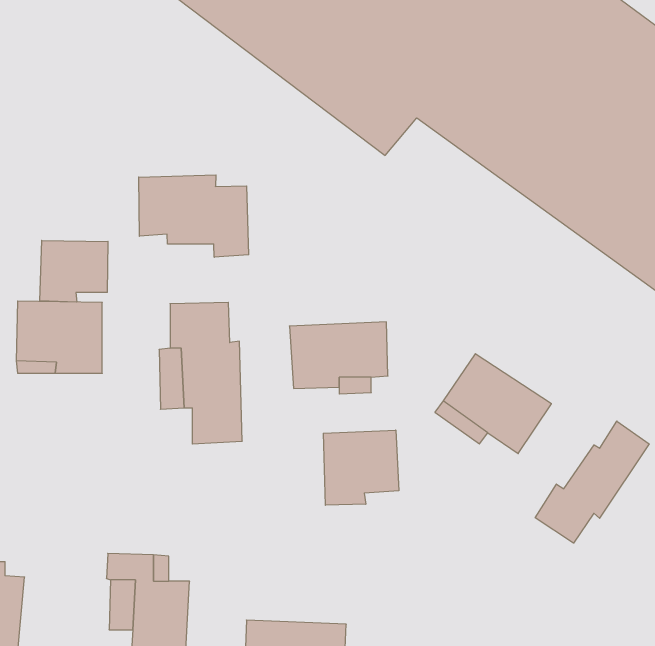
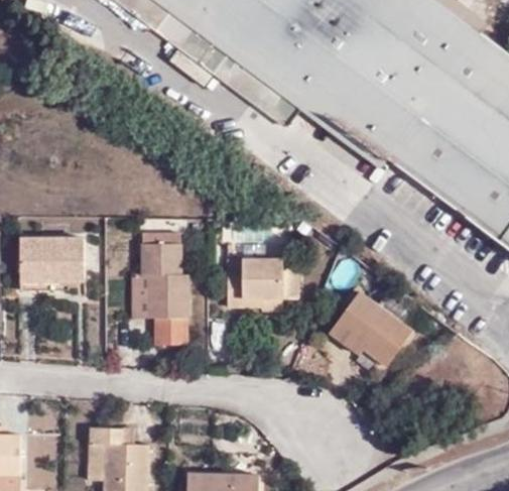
building: [139,175,249,257] -> none
building: [40,240,108,302] -> none
building: [535,421,649,543] -> none
building: [323,430,399,505] -> none

